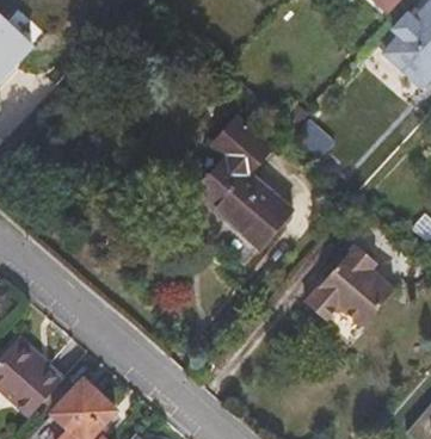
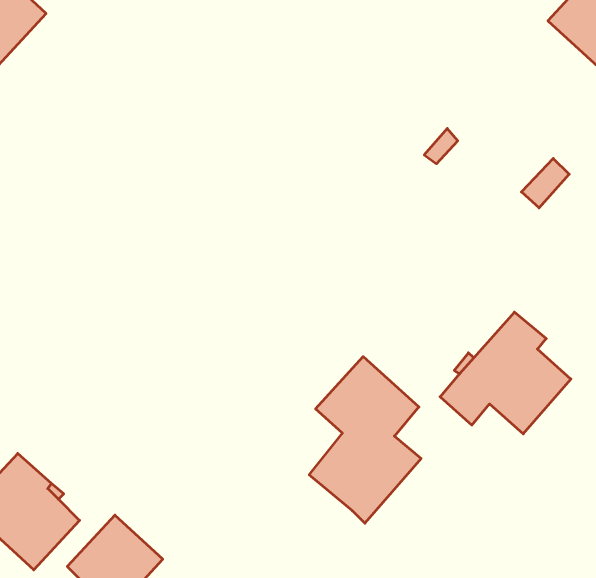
building: [195,118,291,248] -> none
building: none -> [309,357,421,523]

